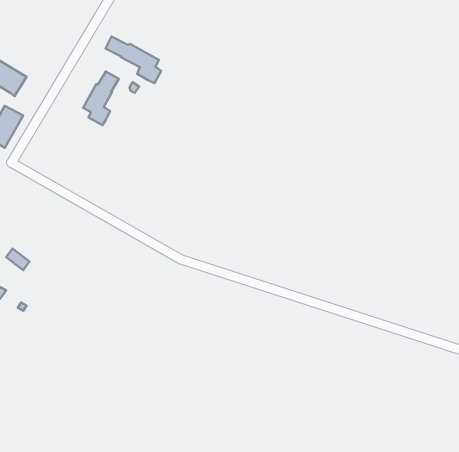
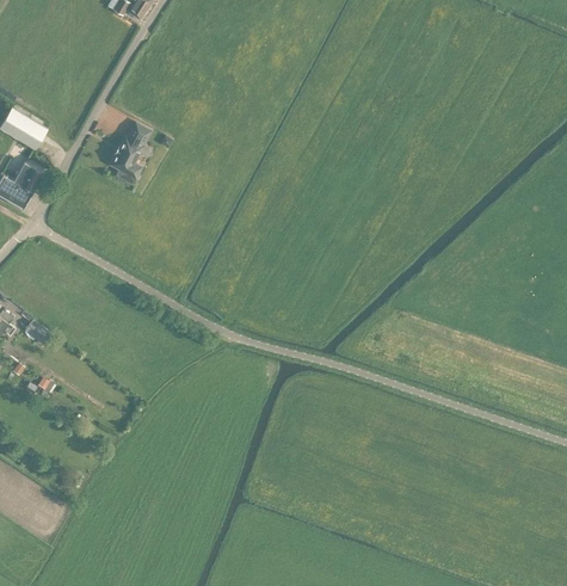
building: [106,36,161,83] -> none

